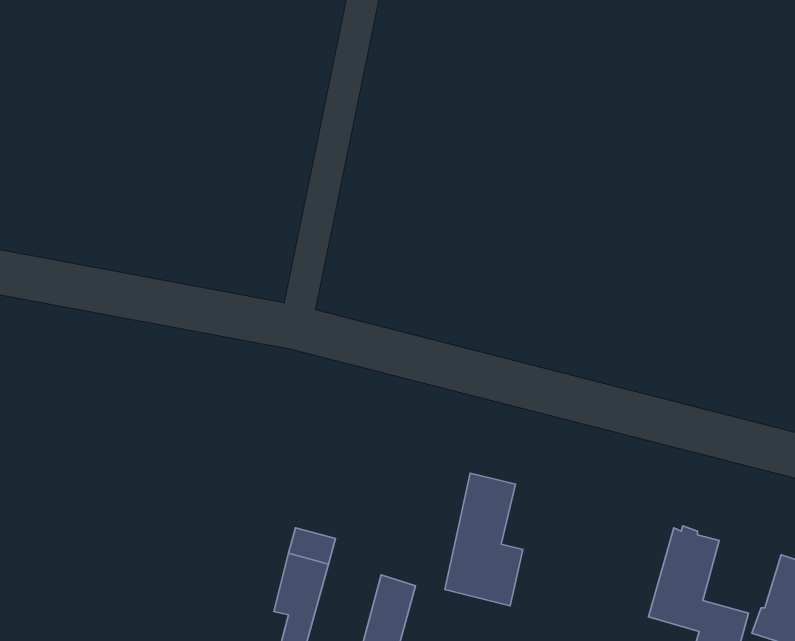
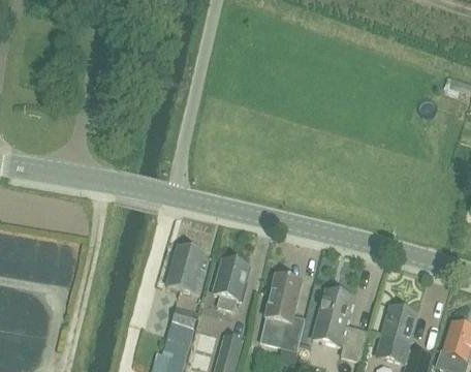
building: none -> [165,245,203,291]
building: none -> [212,257,248,309]
building: none -> [311,288,367,360]

